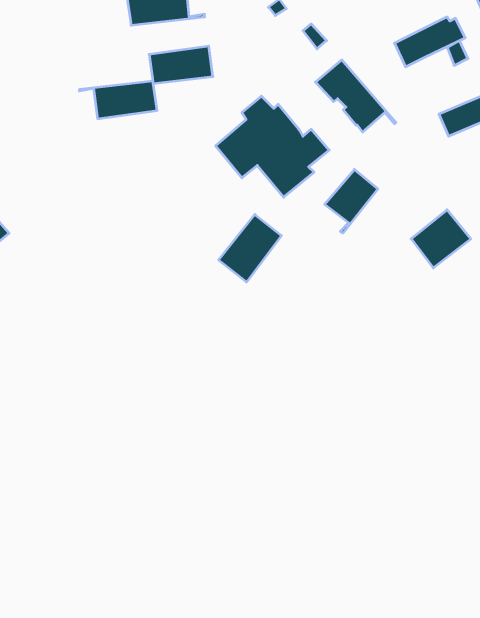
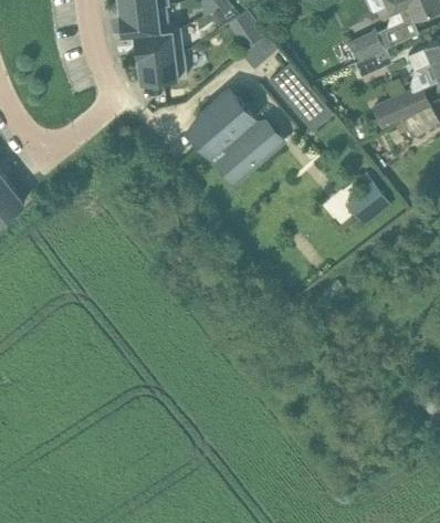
building: [79,81,157,119] -> [123,31,185,61]
building: [325,169,378,233] -> none
building: [219,214,281,282] -> none

